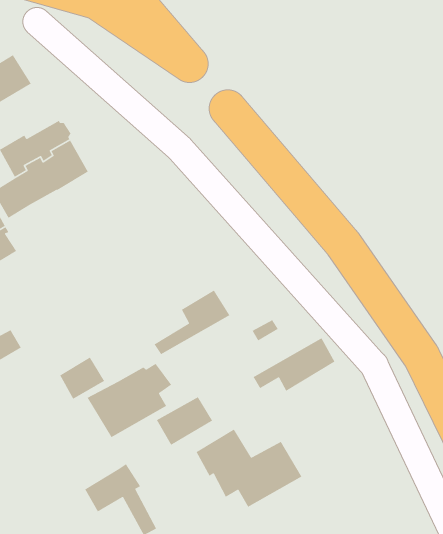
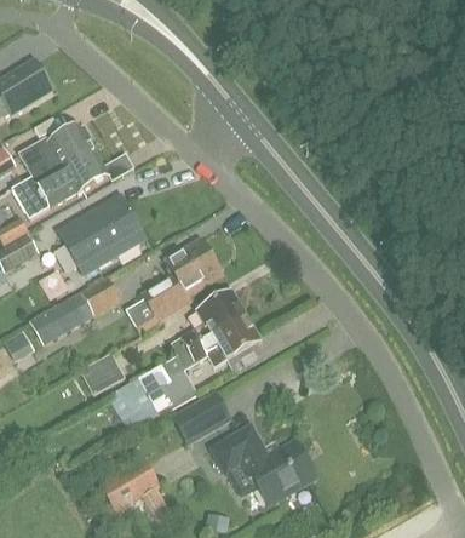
building: none -> [58,195,145,274]
building: none -> [139,239,220,317]
building: none -> [30,276,120,344]
building: [252,337,336,392] -> [178,315,259,368]

